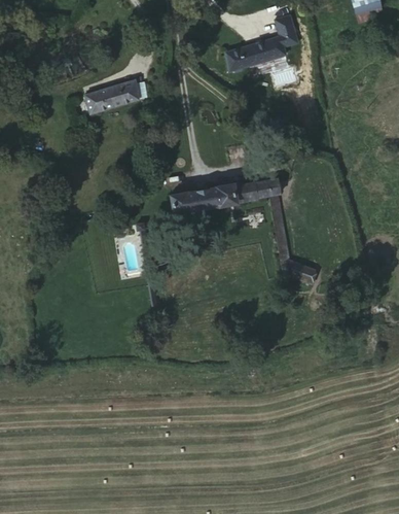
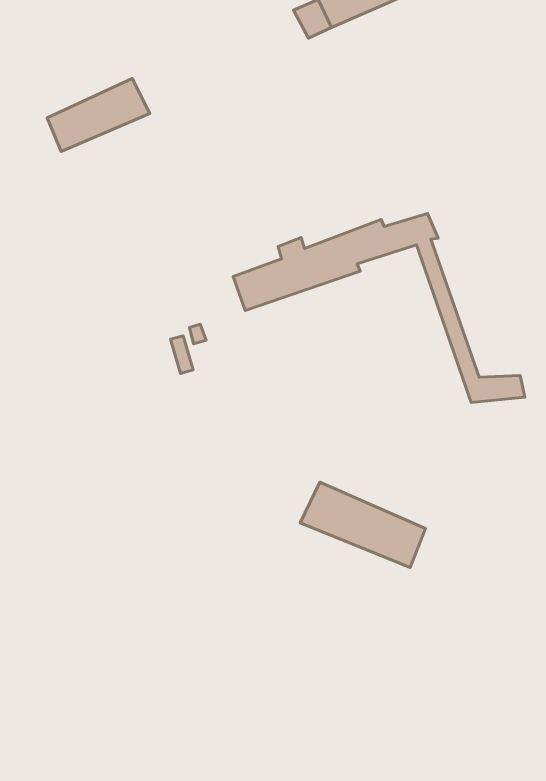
building: none -> [300,482,425,568]

